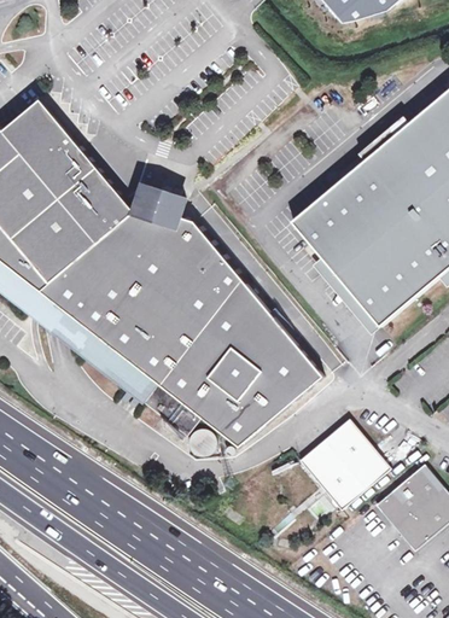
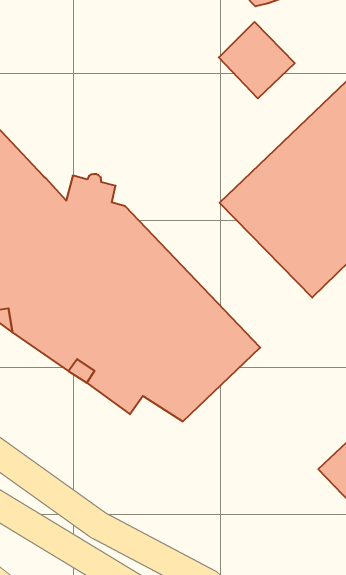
building: none -> [219,22,295,98]
building: [299,418,391,509] -> none

